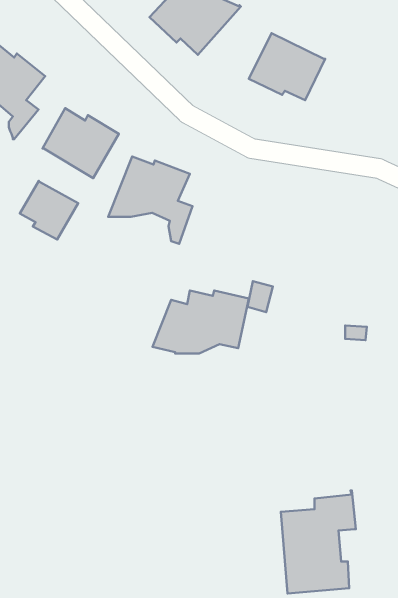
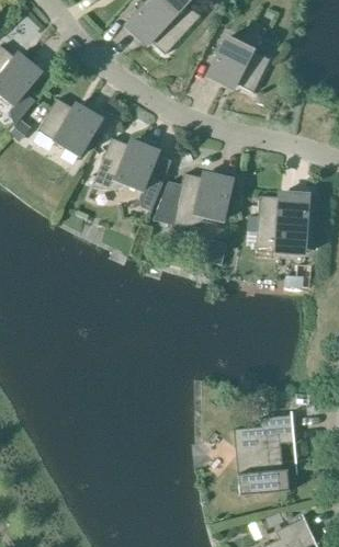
building: [20,181,78,240] -> none
building: none -> [256,193,309,254]
building: [152,291,249,354] -> [154,173,233,225]

